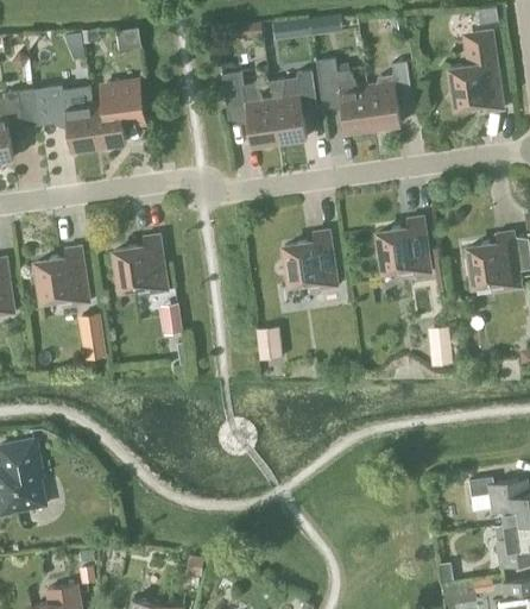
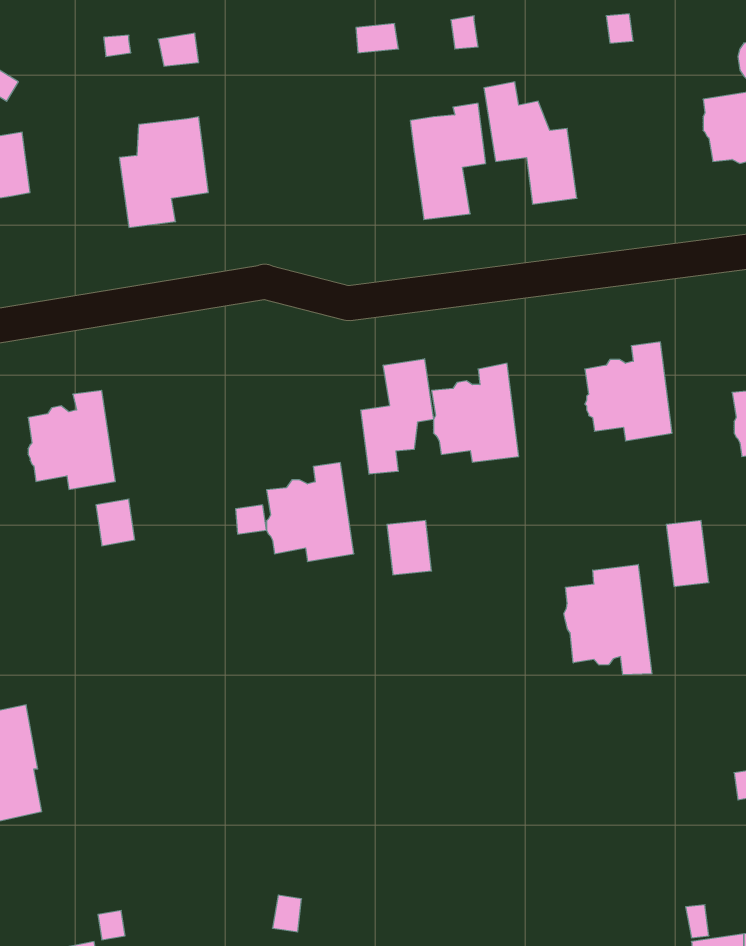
building: [366,61,411,128] -> none
building: [221,71,278,146] -> none
building: [46,84,97,150] -> none
building: none -> [361,359,433,474]
building: [114,234,168,295] -> [267,463,354,562]
building: none -> [564,564,652,675]

